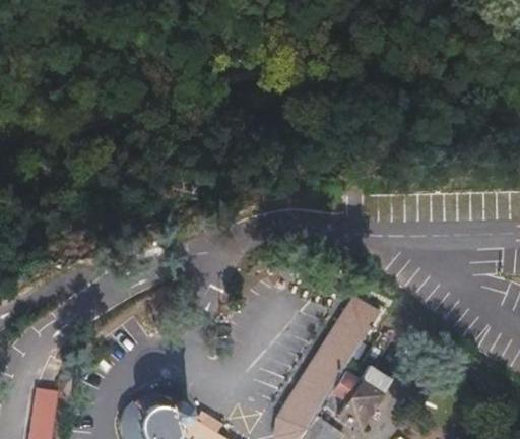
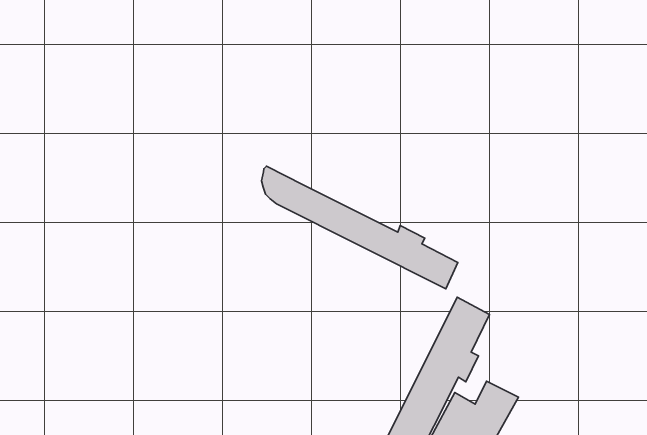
building: none -> [261,166,458,289]

